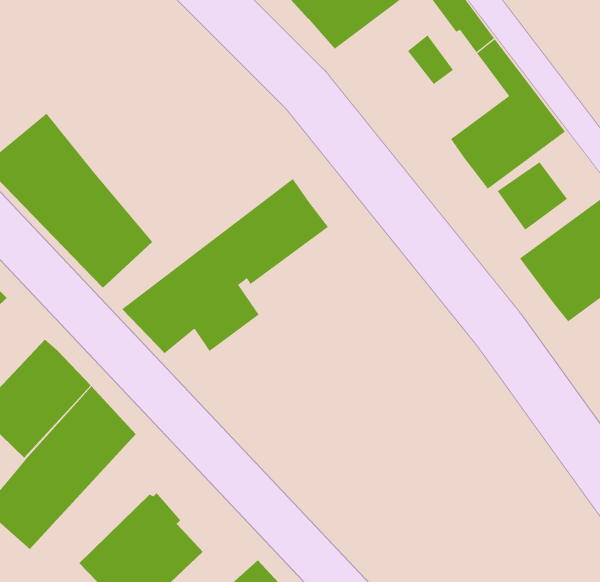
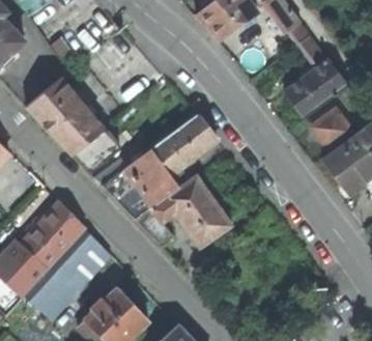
building: none -> [135,175,231,248]

